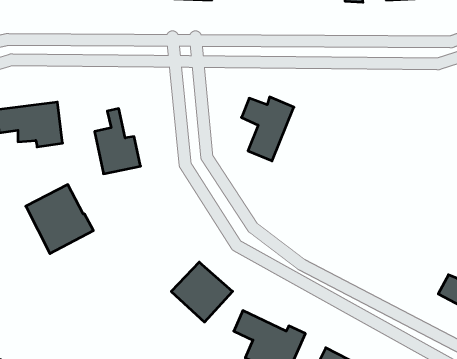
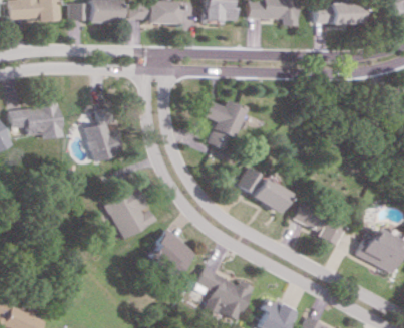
building: none -> [238,168,292,213]
building: [26,185,93,254] -> [102,185,155,239]
building: none -> [296,202,348,245]

